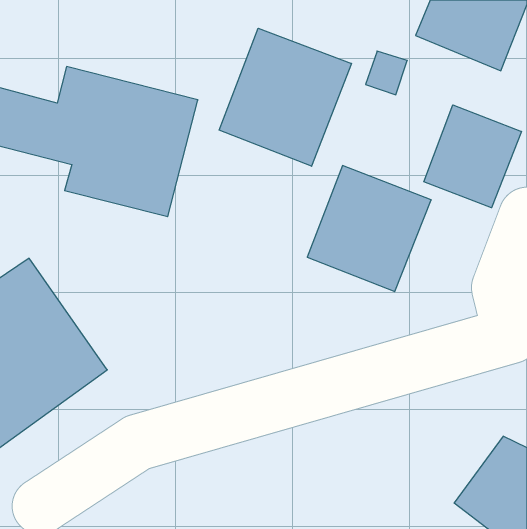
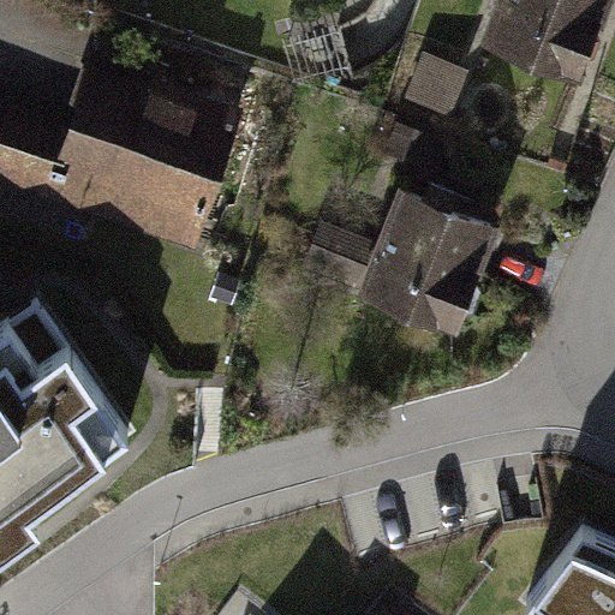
building: [219,28,351,166] -> none
building: [424,105,521,208] -> none

